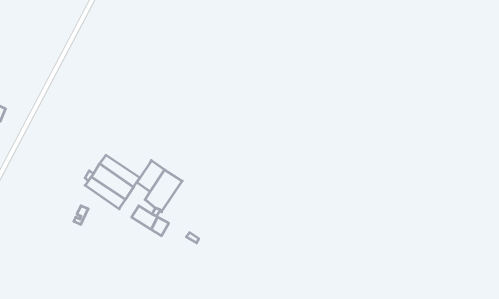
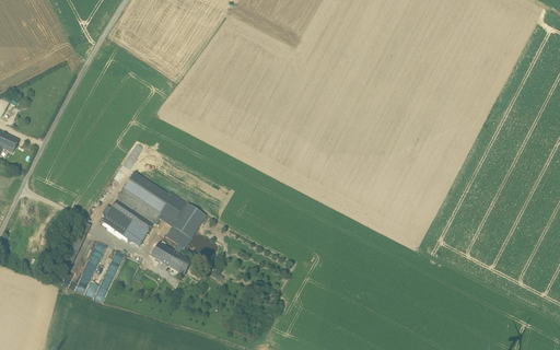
building: none -> [125,173,172,213]

